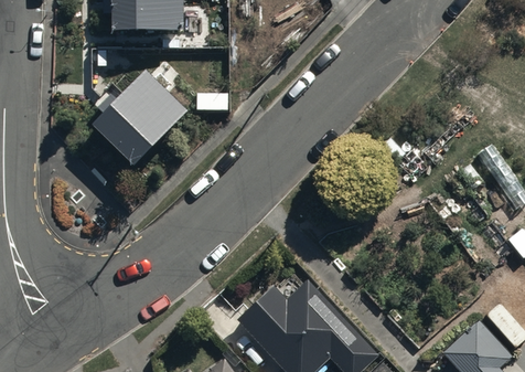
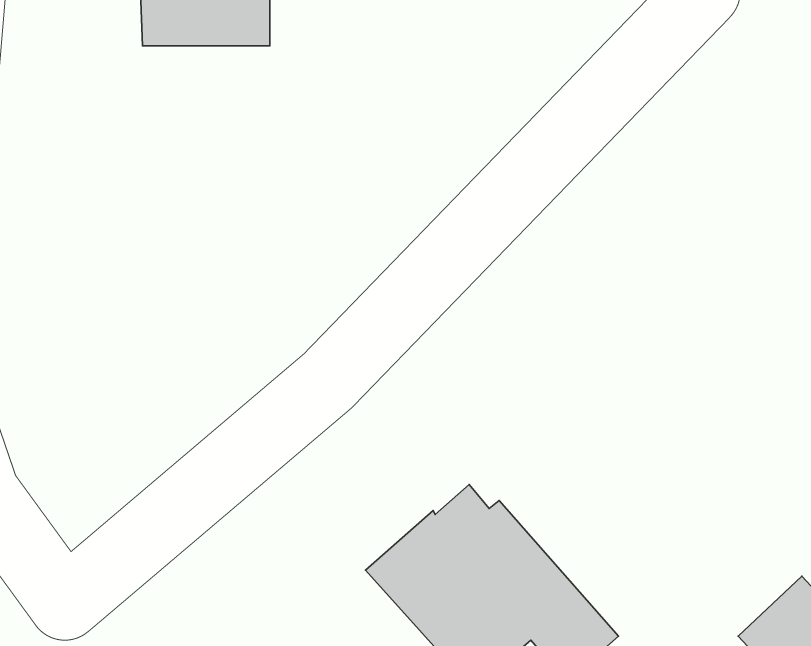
building: [93,66,189,161] -> none

